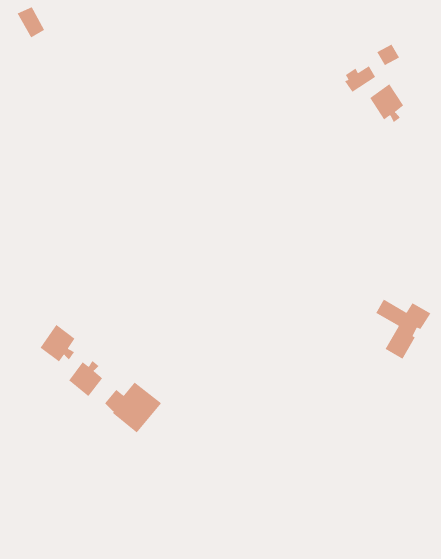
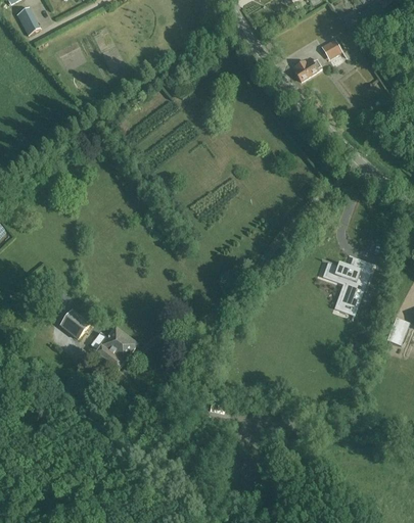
building: [369,83,404,123] -> none
building: [40,324,76,362] -> none

